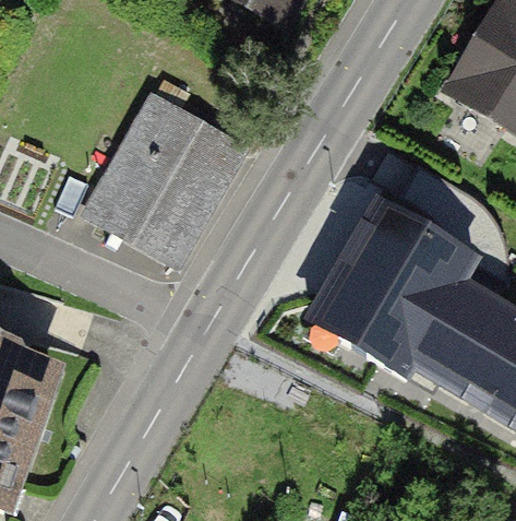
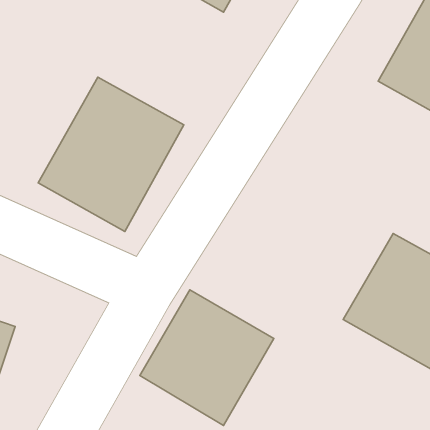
building: [315,183,481,364] -> none
building: none -> [140,290,274,425]

